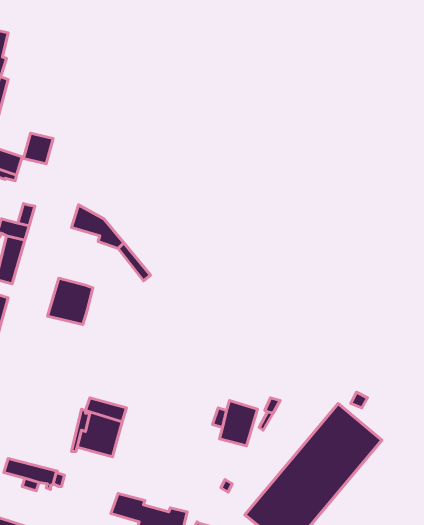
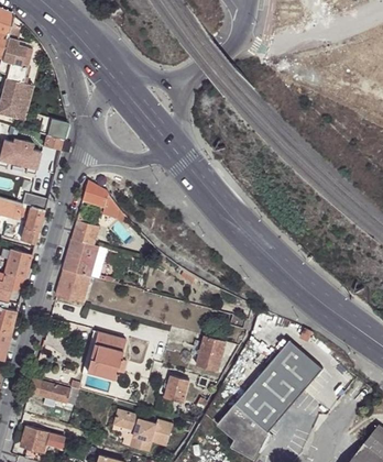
building: none -> [72,211,97,245]
building: none -> [55,270,90,302]
building: none -> [164,373,190,402]

